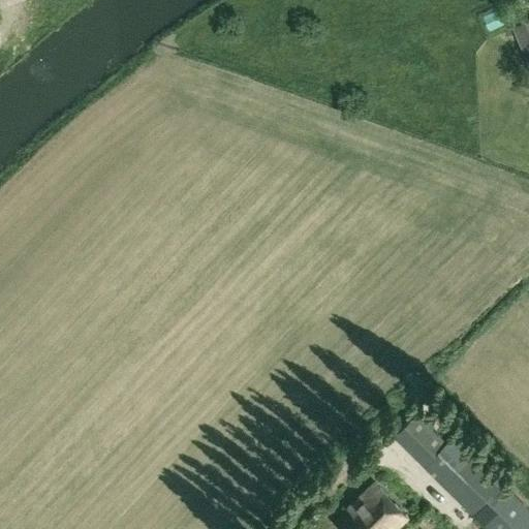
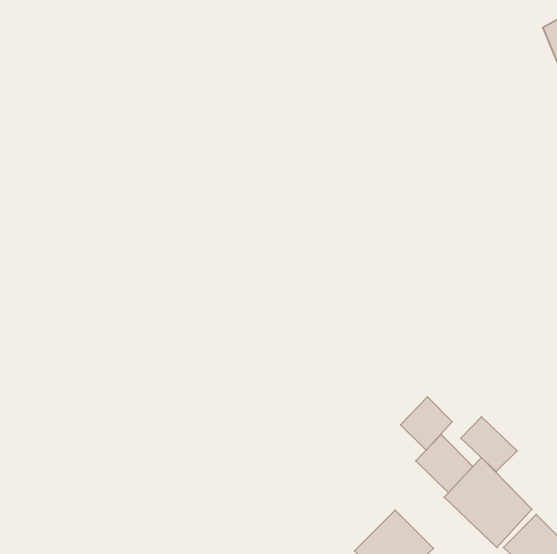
building: none -> [400,397,452,450]
building: none -> [461,417,517,471]

